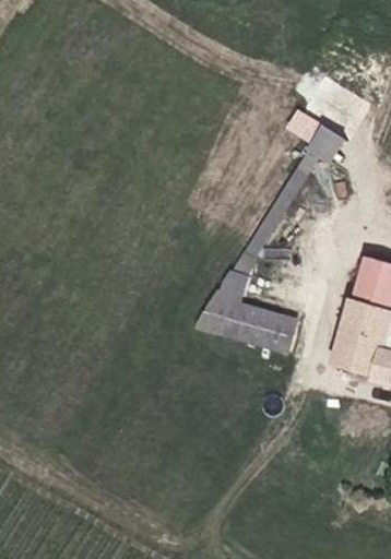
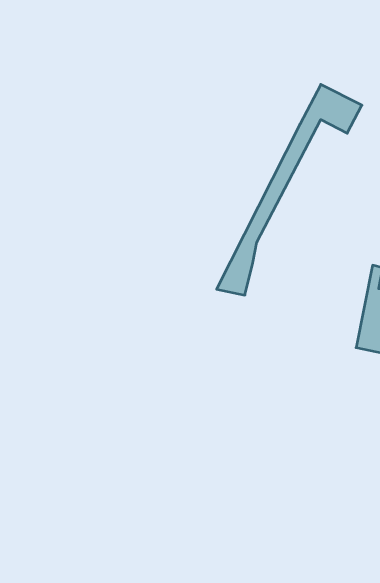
building: [198,288,295,345] -> none

